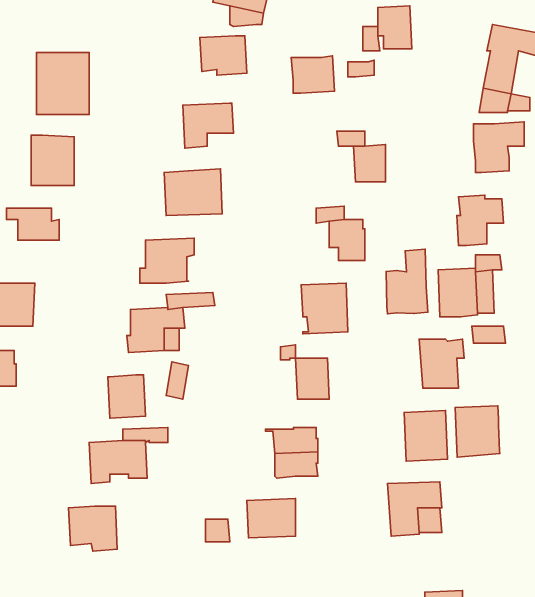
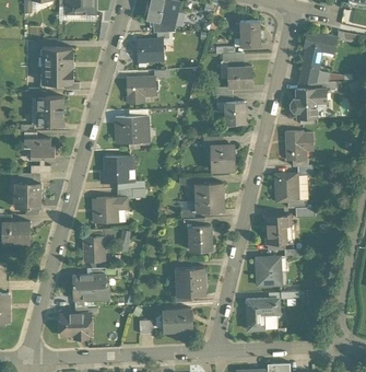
building: [291,56,334,93] -> [227,66,252,88]
building: [386,249,428,314] -> none
building: [455,406,500,457] -> none

